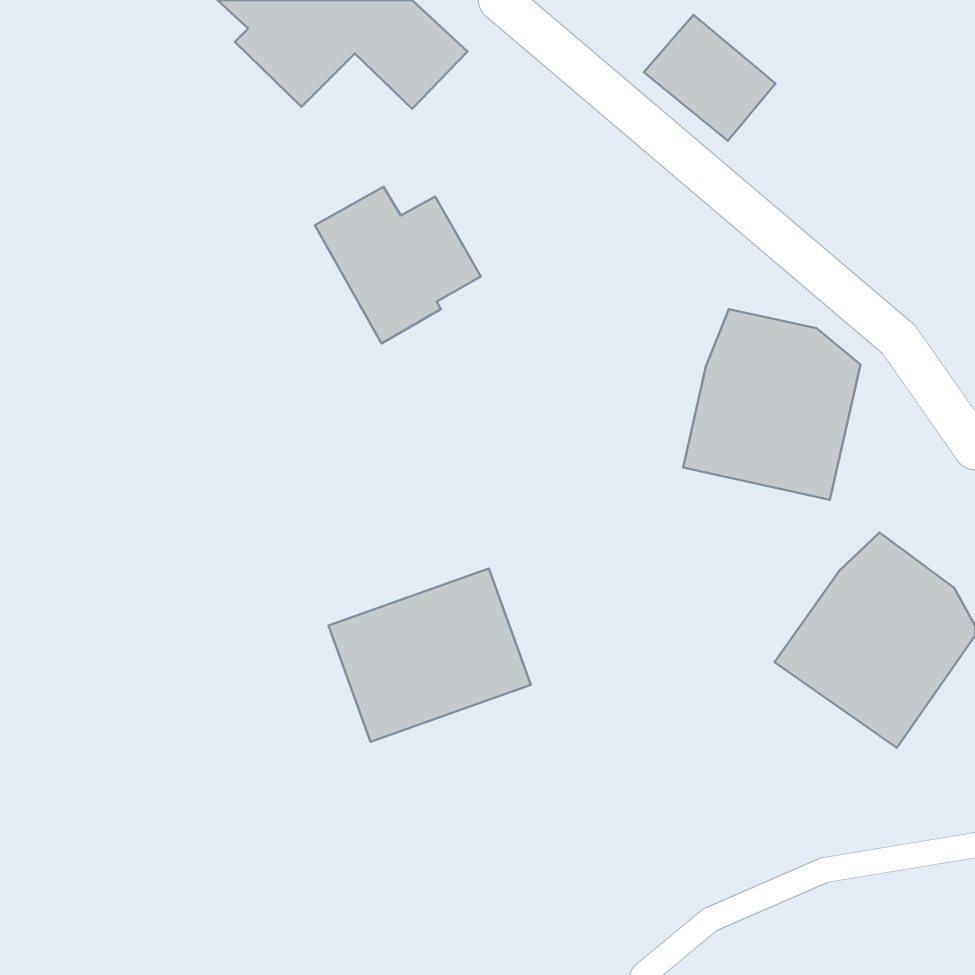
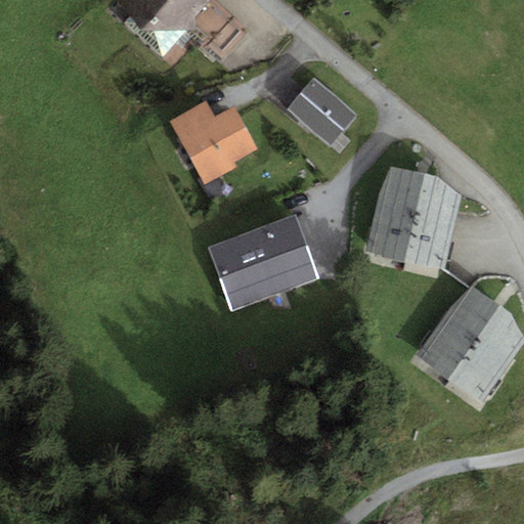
building: [644,15,775,141] -> [287,78,357,145]
building: [329,568,531,742] -> [209,215,317,308]

